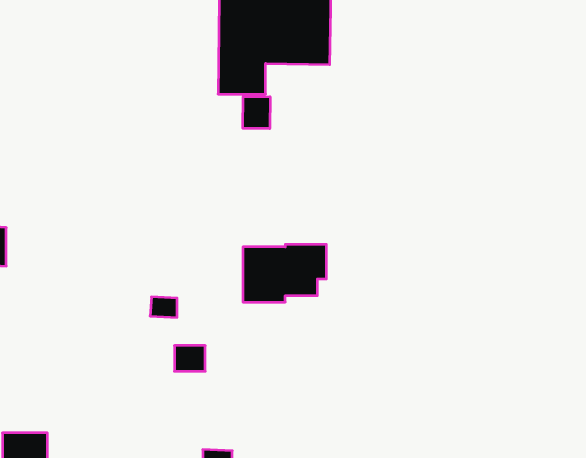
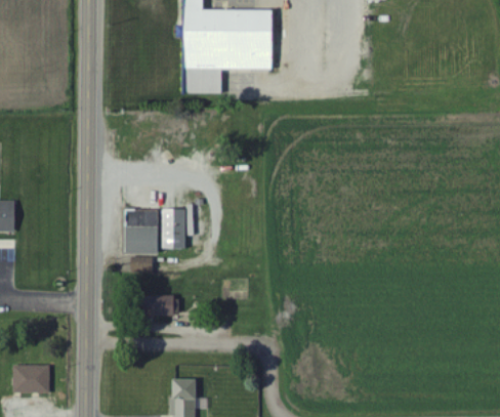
building: [243,96,270,129] -> none
building: [243,244,326,302] -> [125,207,192,253]

